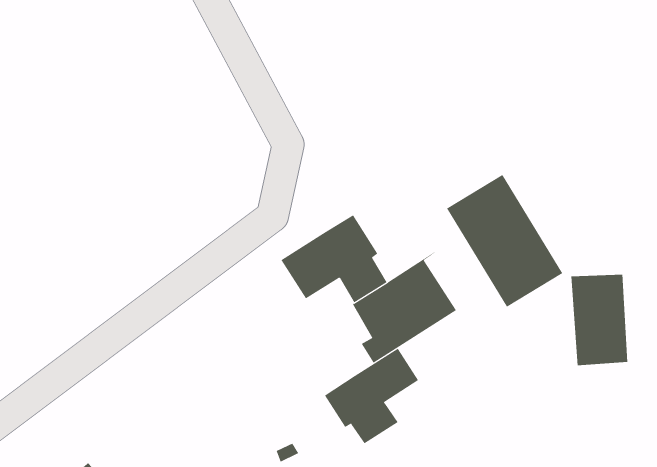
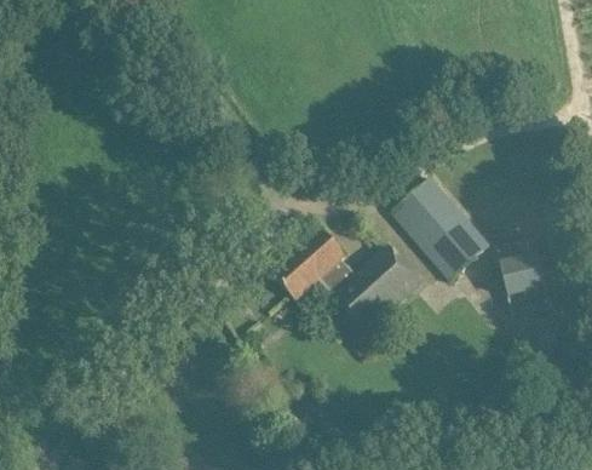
building: [324,348,419,444] -> none

